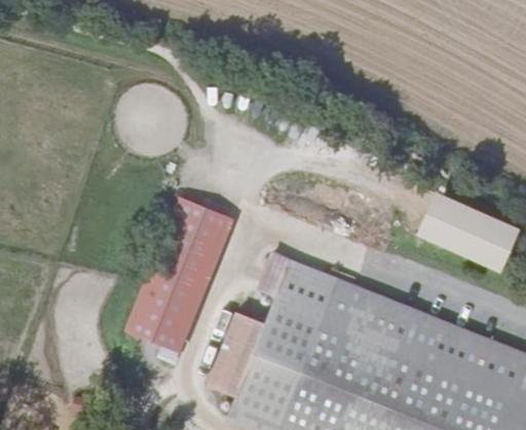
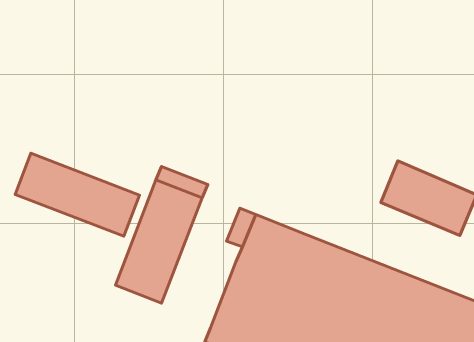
building: none -> [15,153,139,236]
building: [206,296,263,379] -> none

